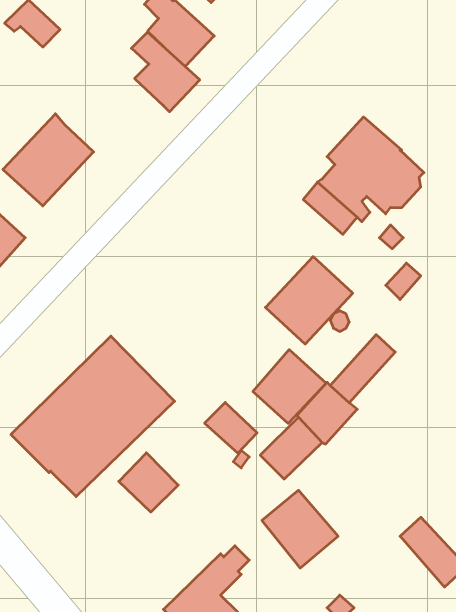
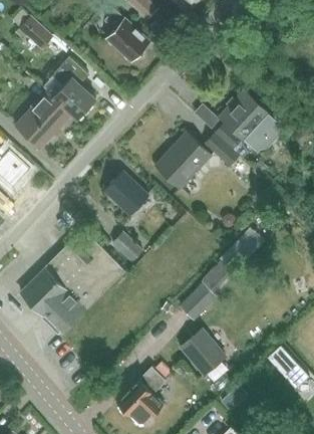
building: [131,32,200,112] -> [52,68,95,119]
building: none -> [104,173,148,216]
building: [265,257,353,344] -> [155,134,211,189]
building: [253,350,326,423] -> none
building: [205,402,257,453] -> [109,231,142,263]
building: [119,453,178,512] -> none

